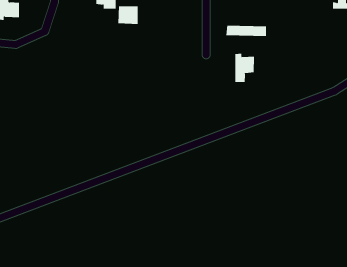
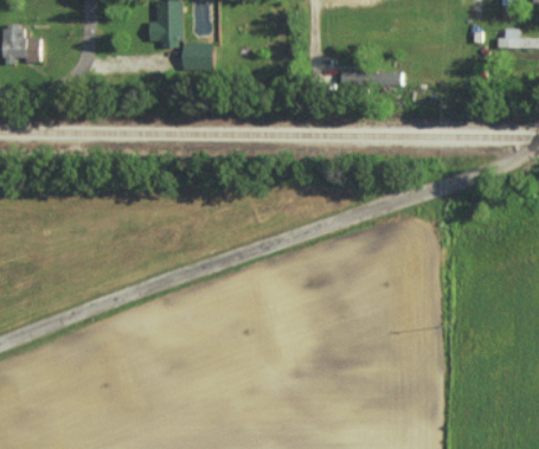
building: [235,53,254,83] -> none

